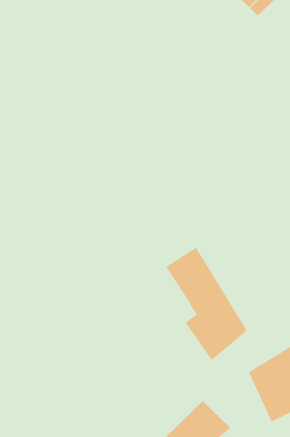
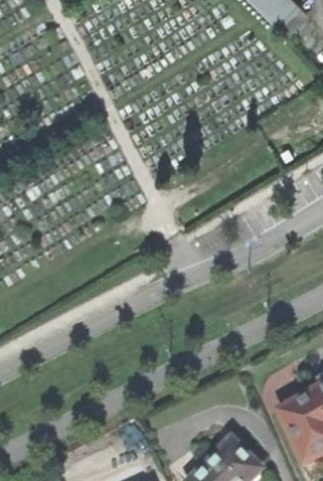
building: [166,247,247,361] -> none

